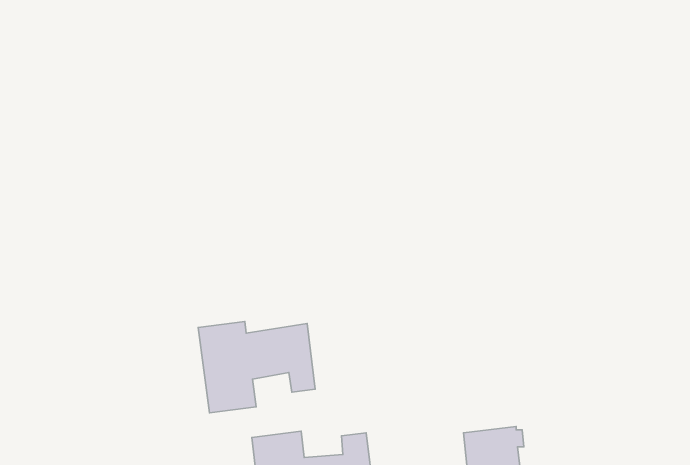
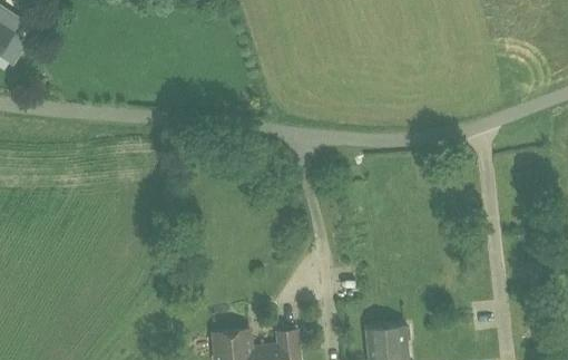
building: [198,322,315,413] -> none

